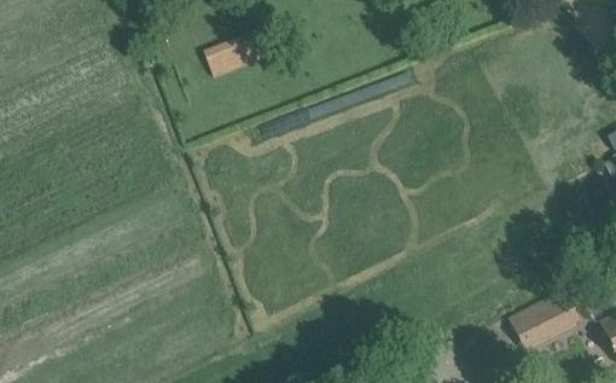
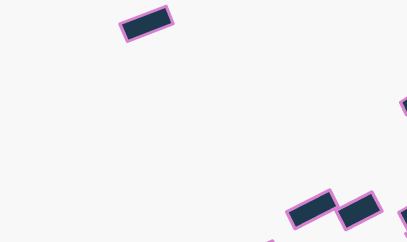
building: none -> [287,190,338,229]

